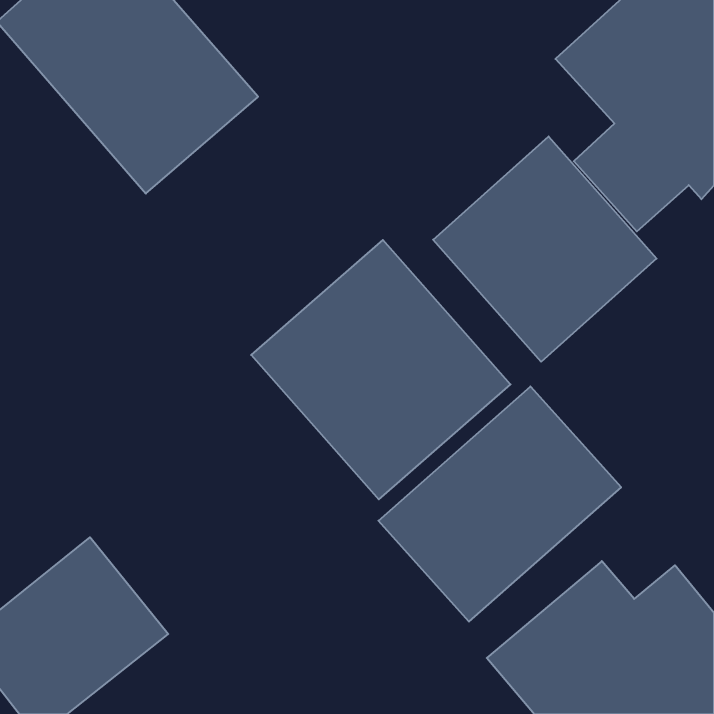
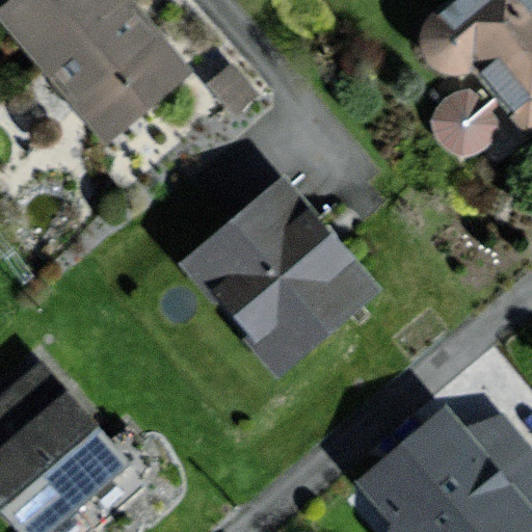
building: [433,136,657,362] -> none
building: [378,386,621,622] -> none

